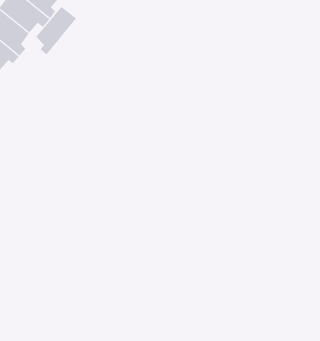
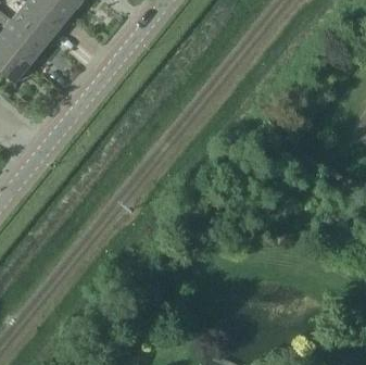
building: [35,6,77,55] -> none

